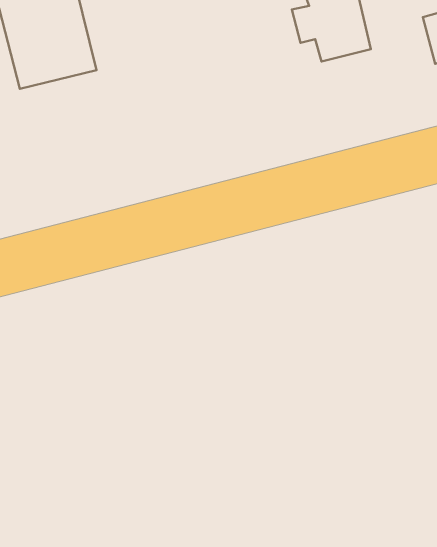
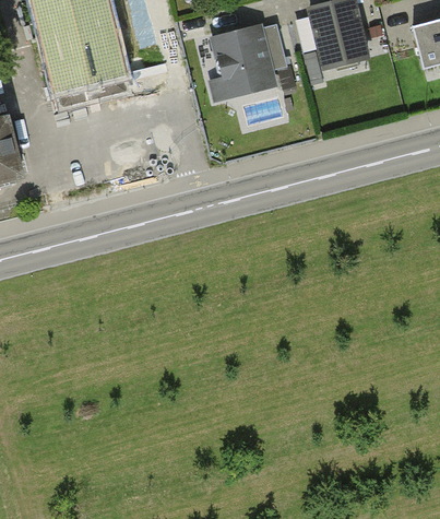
building: none -> [206,23,276,98]

